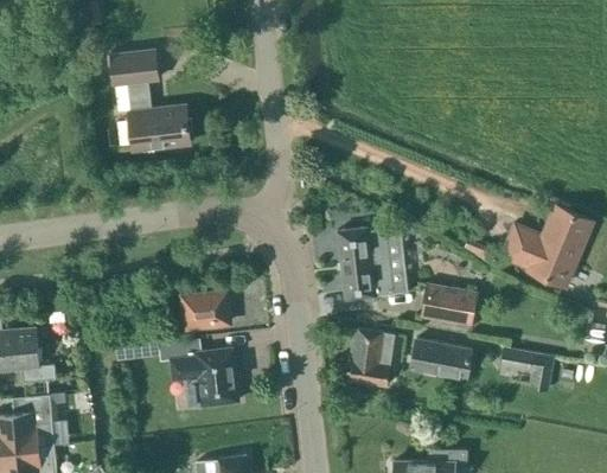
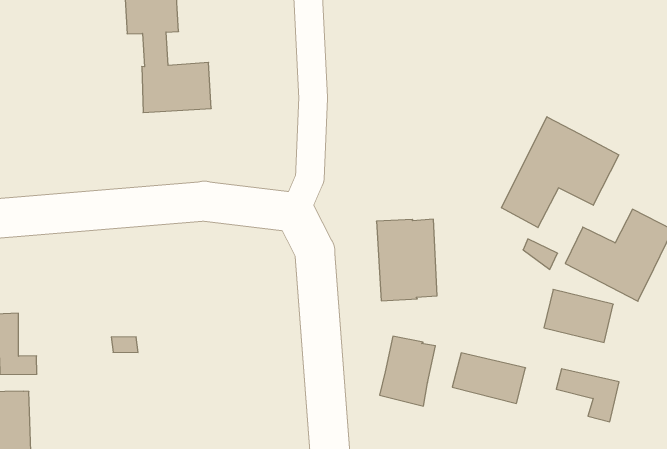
building: none -> [502,117,619,228]
building: [421,283,479,326] -> [544,289,613,342]
building: [184,292,230,327] -> none
building: [160,339,239,407] -> none

